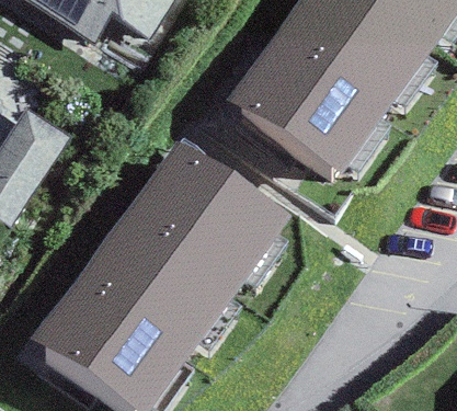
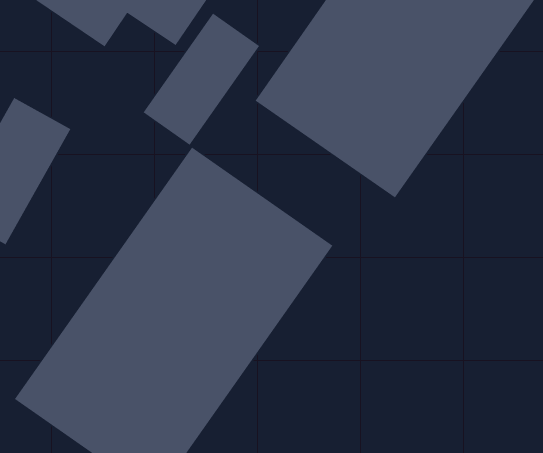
building: none -> [143,12,260,146]

